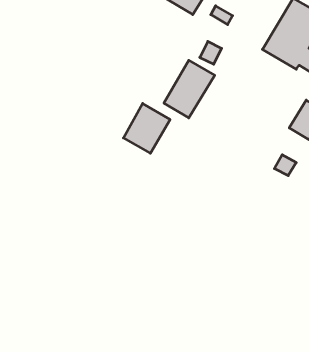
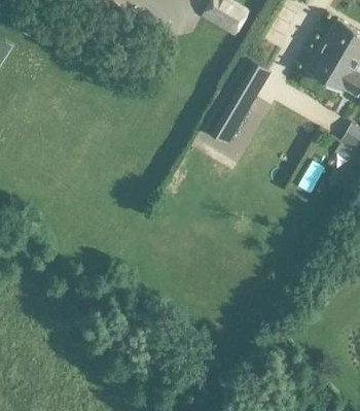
building: [123,103,170,153] -> none

